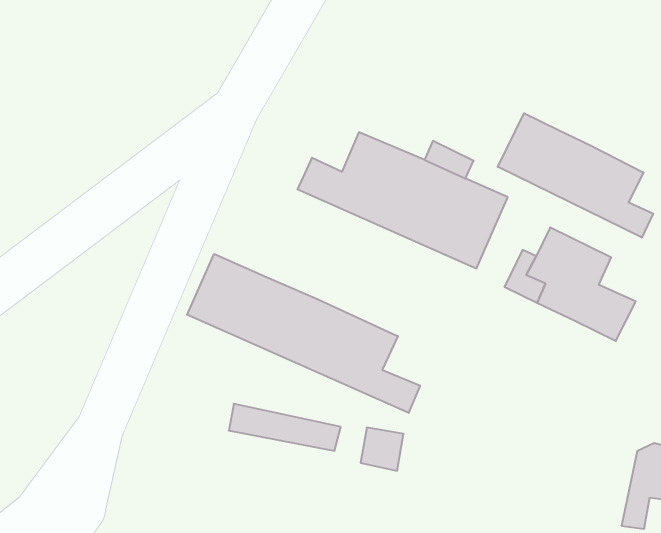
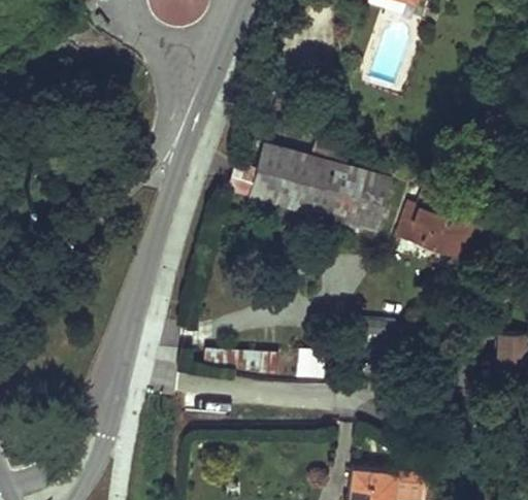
building: [498,113,653,238] -> none
building: [187,254,420,413] -> none

